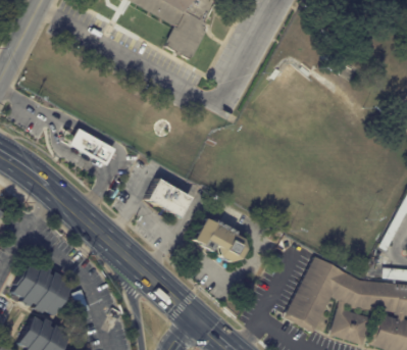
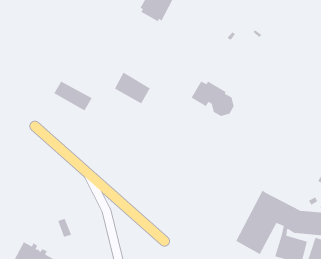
building: [148,180,192,218] -> [114,72,151,104]
building: [195,219,247,262] -> [191,80,235,117]
building: [12,262,70,315] -> none

